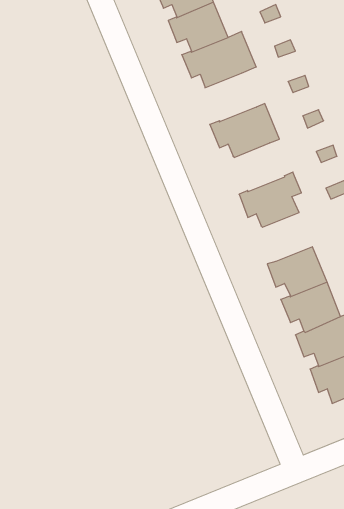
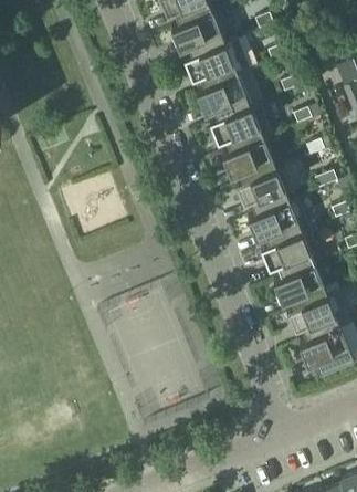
building: none -> [196,74,250,118]
building: none -> [221,137,275,181]
building: none -> [246,197,308,244]

